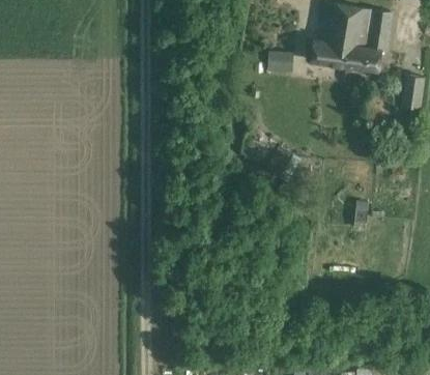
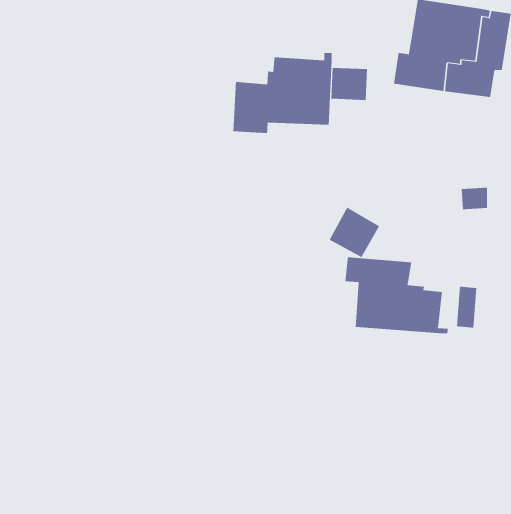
building: none -> [233,52,332,134]
building: none -> [345,257,448,334]

